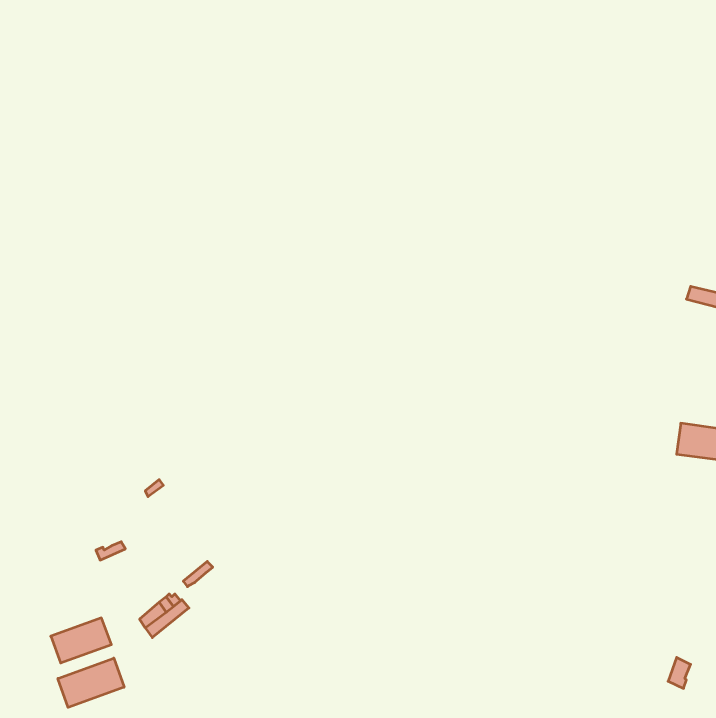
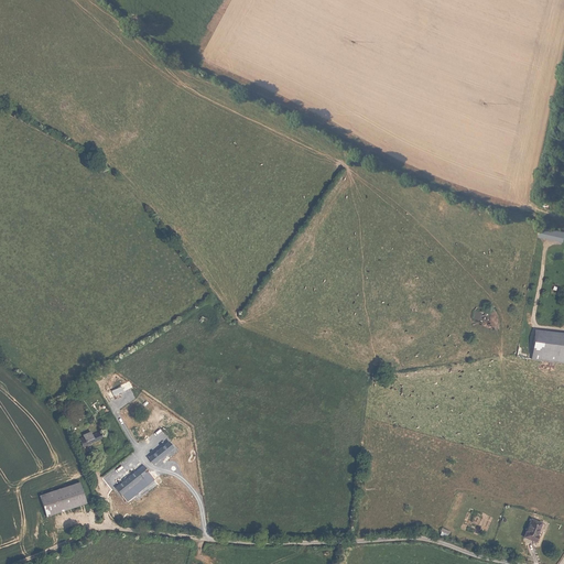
building: [58,658,124,707] -> none

